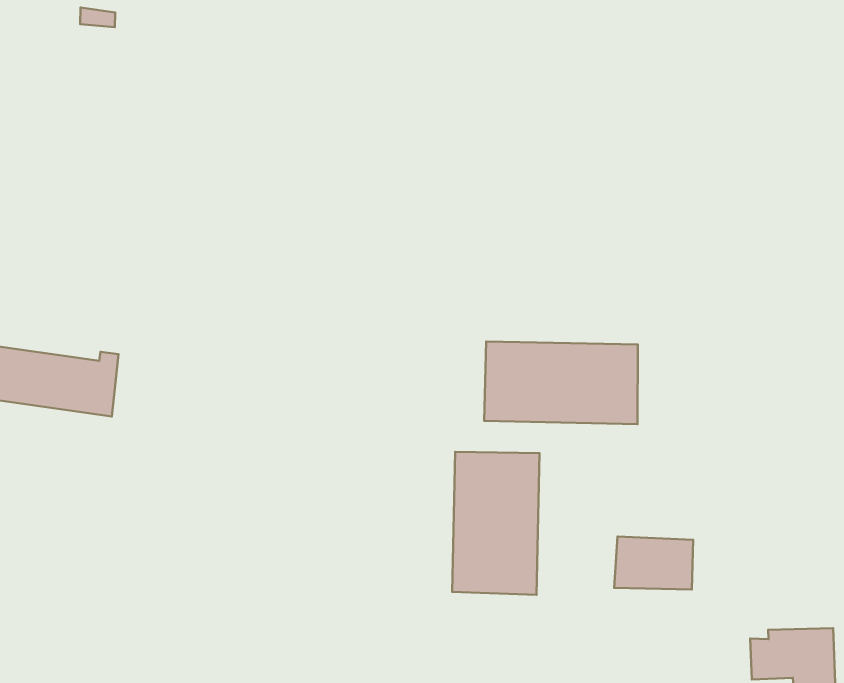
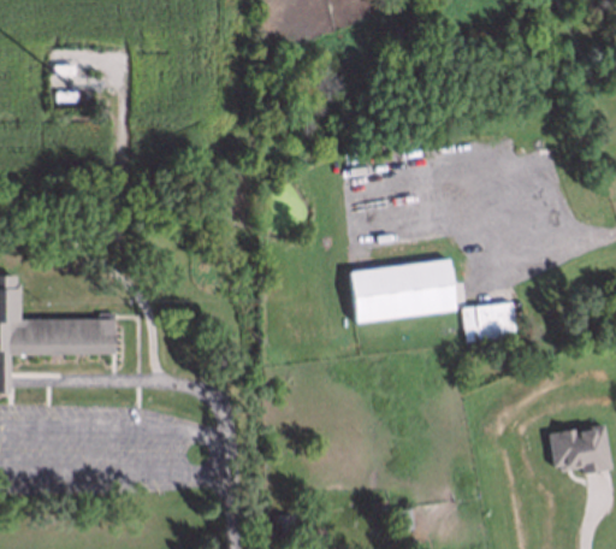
building: [452,452,540,595] -> none
building: [614,536,693,590] -> [461,300,514,338]

